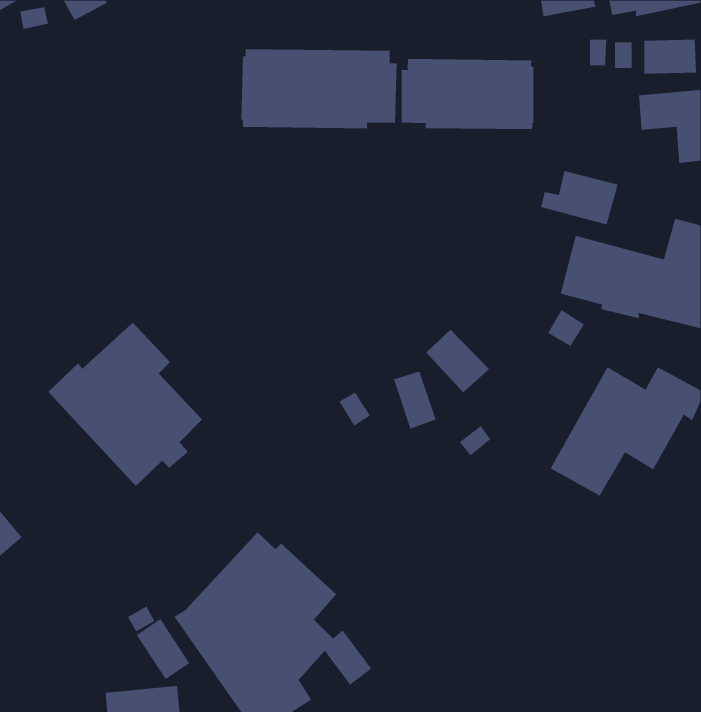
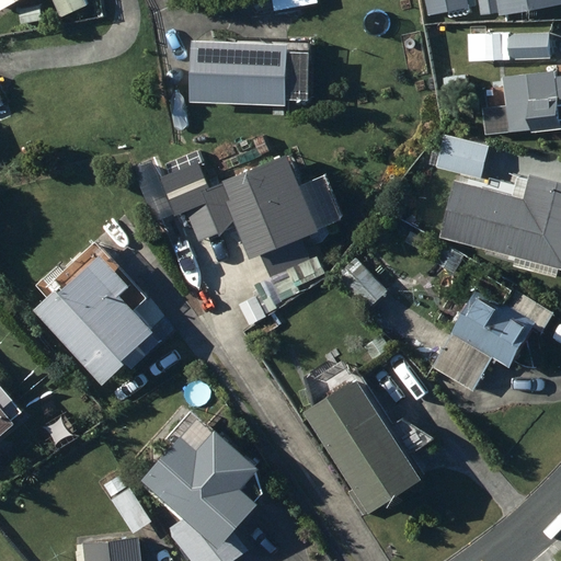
building: [401,58,534,130] -> none
building: none -> [158,154,322,278]
building: none -> [308,378,426,515]

